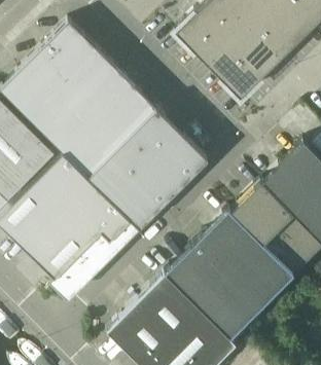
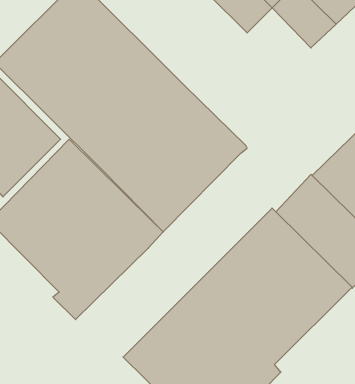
building: [209,43,261,97] -> none

